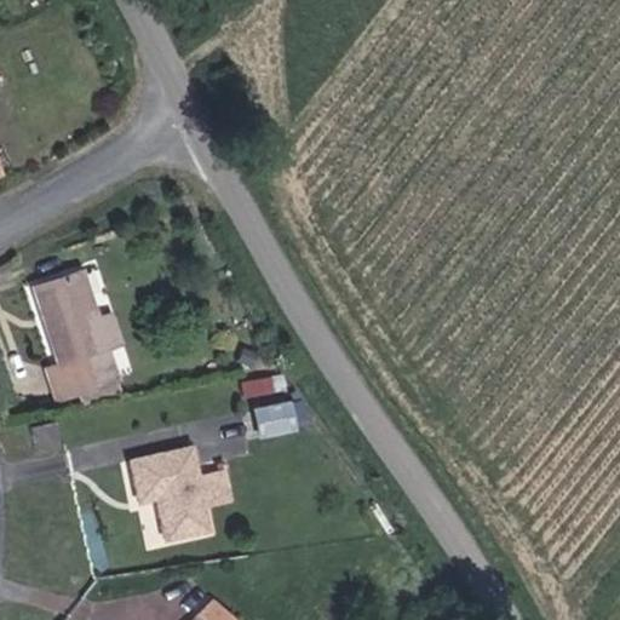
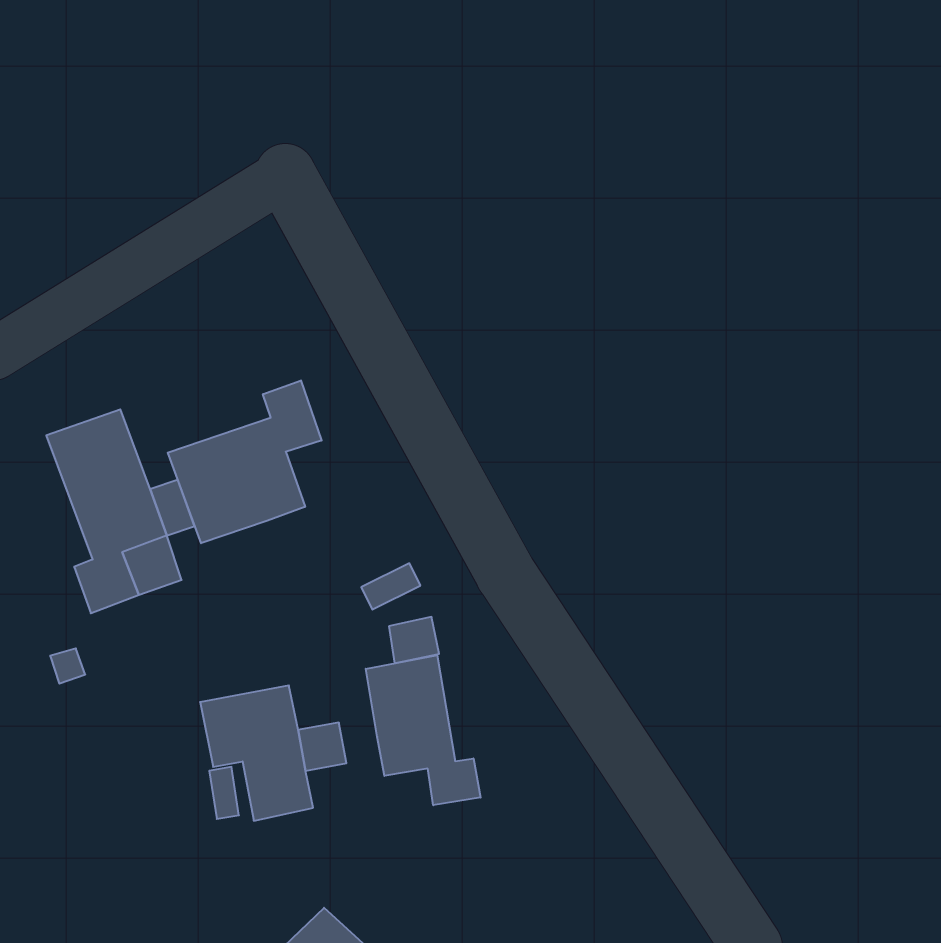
building: none -> [168,380,322,543]
building: none -> [366,655,481,805]

